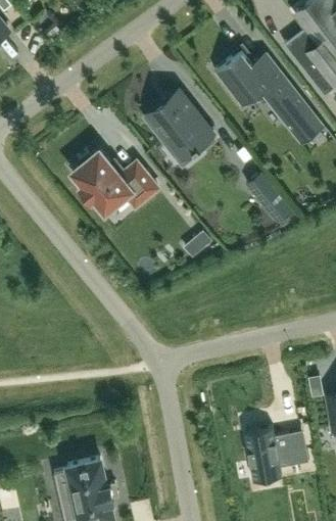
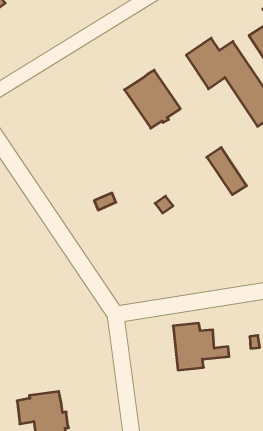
building: [73,148,157,210] -> none
building: [244,426,309,480] -> [173,323,229,370]

